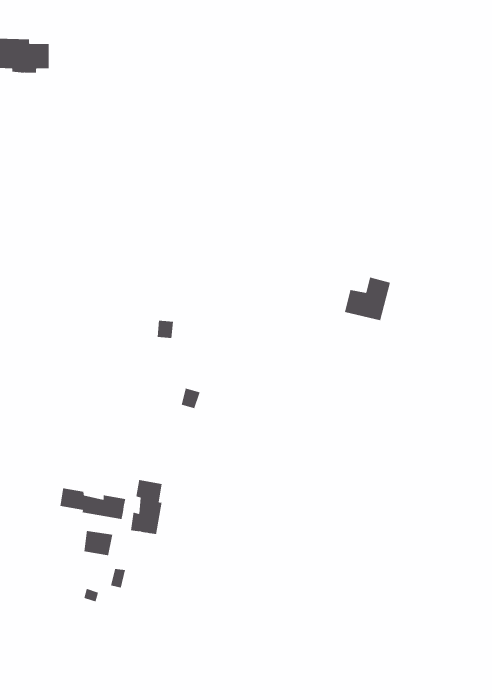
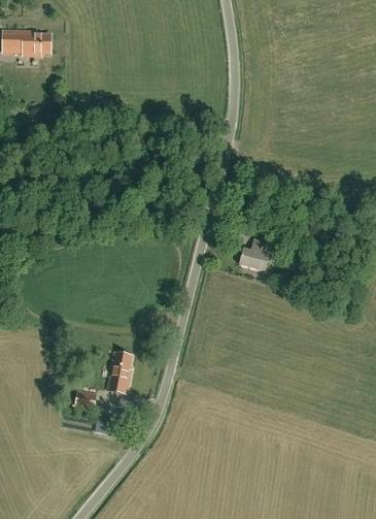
building: [344,277,391,321] -> [238,237,272,269]
building: [60,487,126,520] -> none

